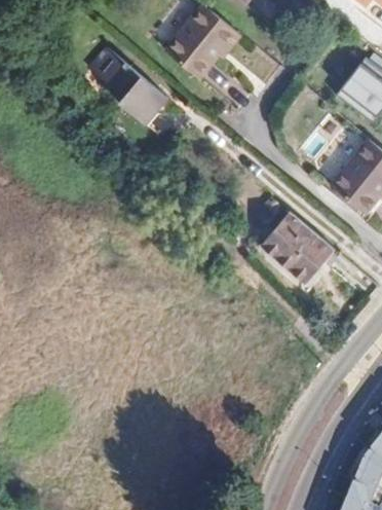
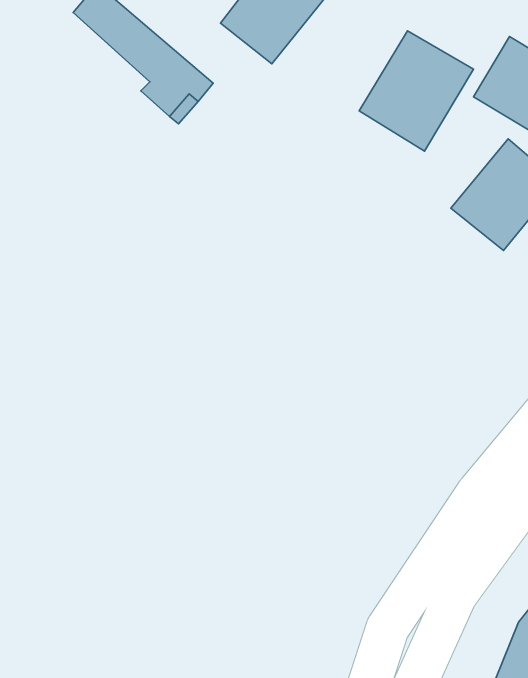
building: none -> [359,31,474,151]
building: [254,209,320,272] -> none

